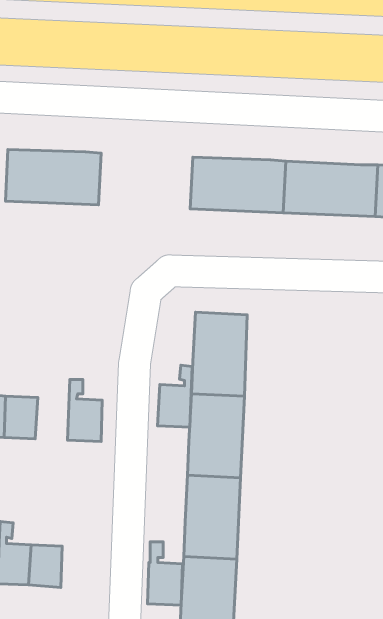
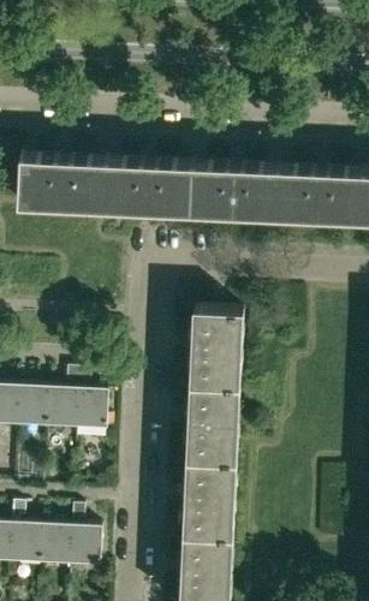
building: none -> [103,160,191,212]
building: [157,365,192,427] -> [44,369,77,427]
building: [147,542,182,605] -> [69,506,101,565]

